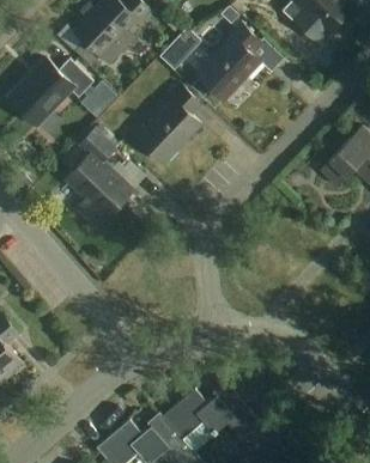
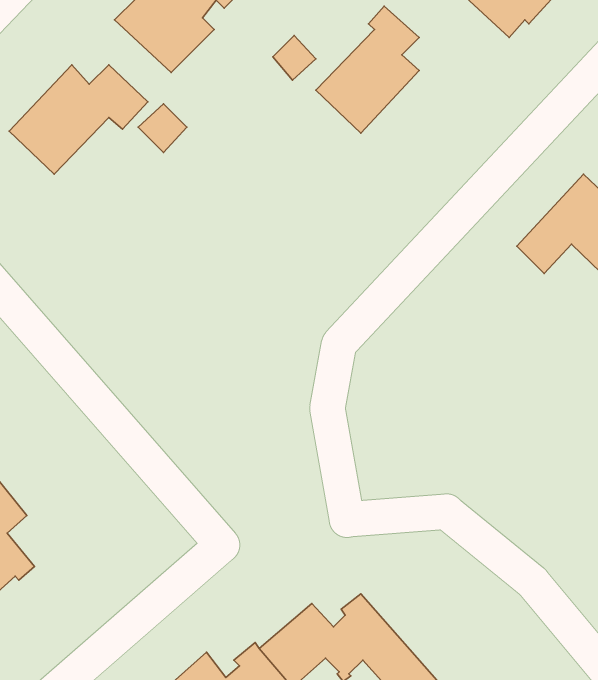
building: [137,85,200,163] -> none
building: [65,128,133,229] -> none

